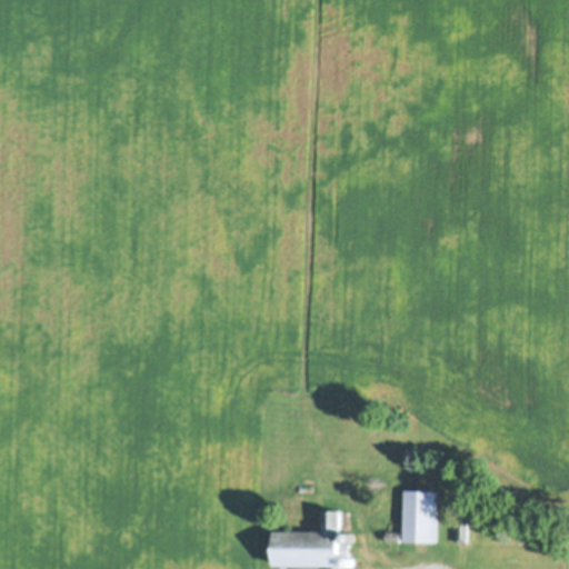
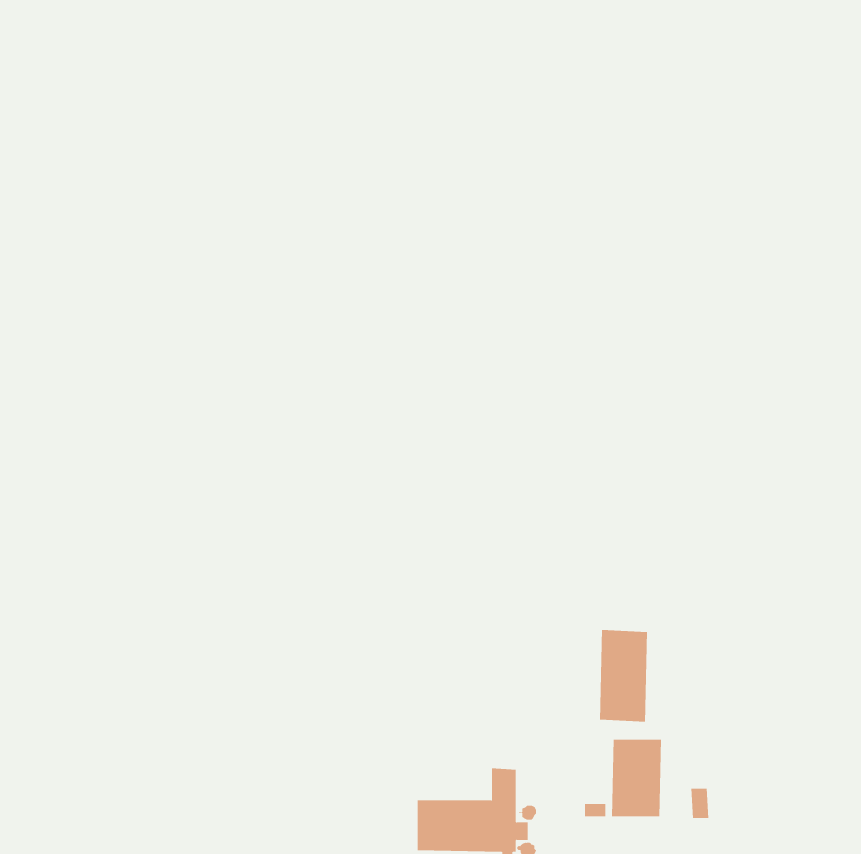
building: none -> [599,629,647,723]

